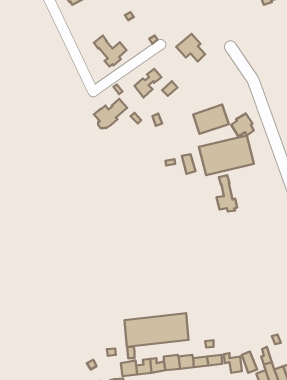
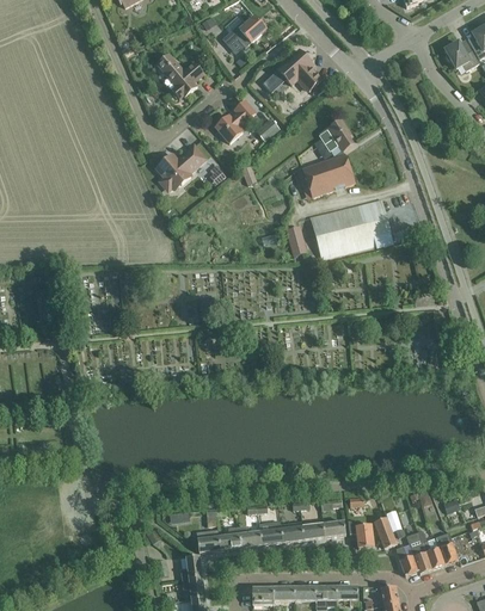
building: none -> [221,17,265,47]
building: [231,114,254,136] -> [320,119,354,153]
building: [217,175,237,212] -> none
building: [125,313,189,347] -> none

